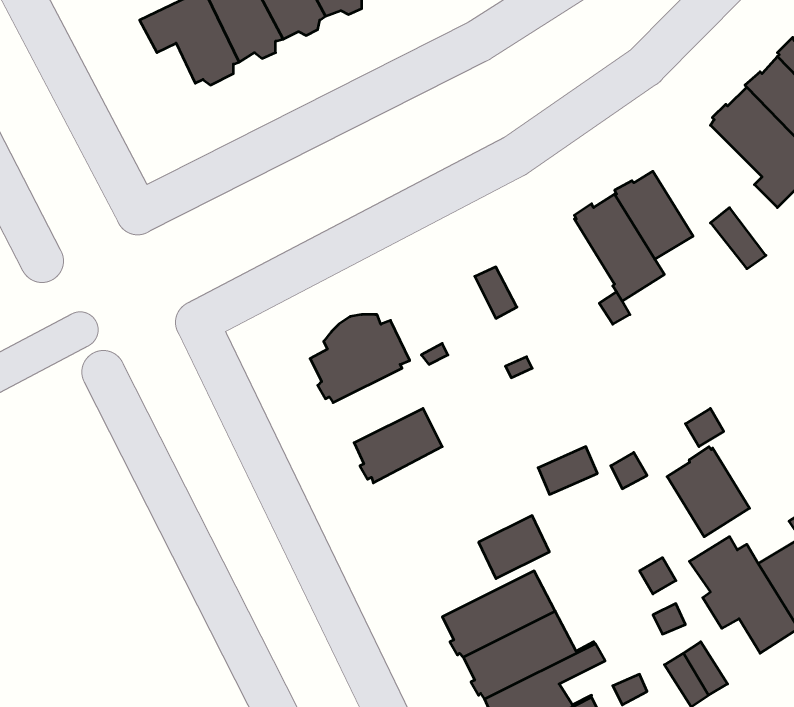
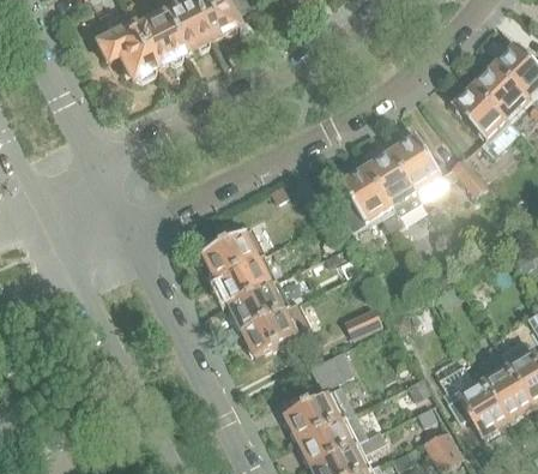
building: none -> [339,164,392,230]
building: none -> [216,258,272,305]
building: none -> [241,301,310,355]
building: [667,447,750,537] -> none

